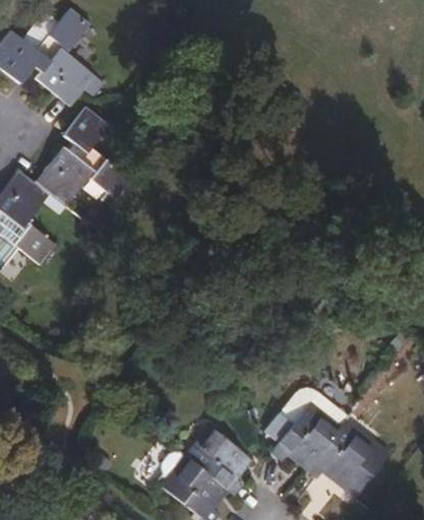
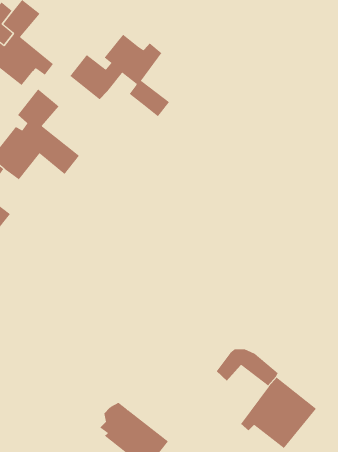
building: none -> [69,34,170,117]
building: [261,407,336,470] -> none
building: [183,425,252,495] -> none

